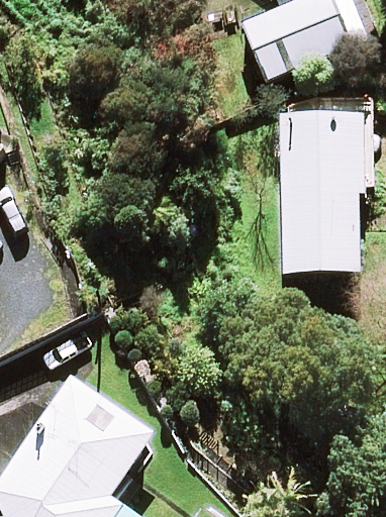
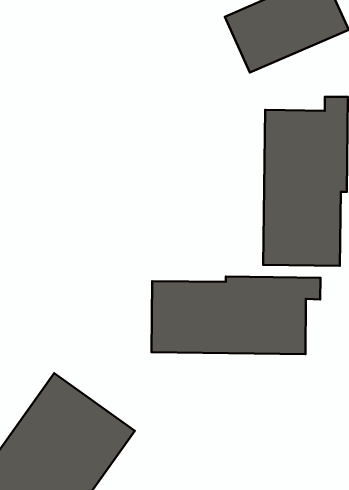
building: none -> [151,276,321,354]

